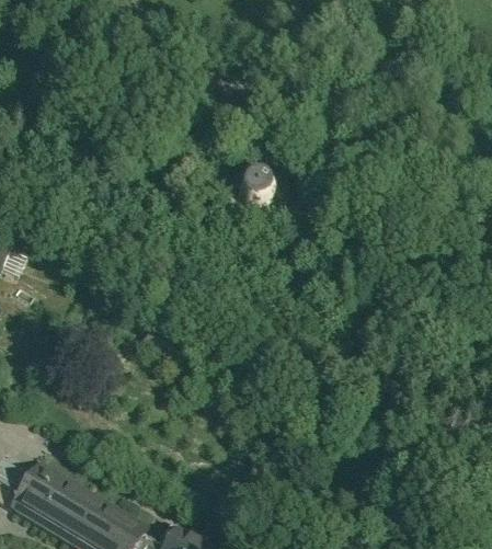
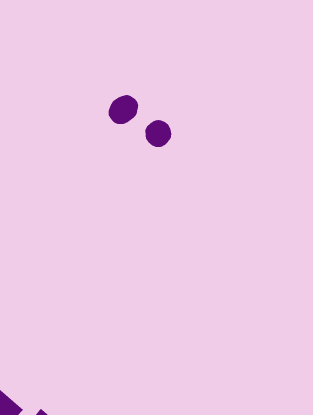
building: none -> [108,94,139,125]

